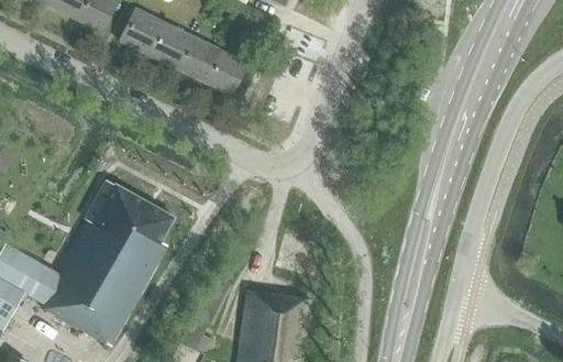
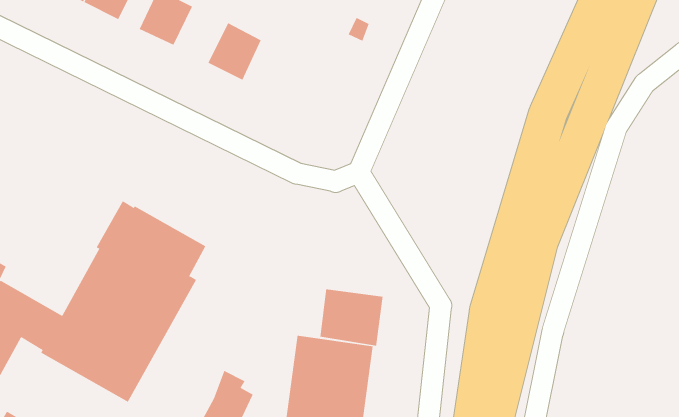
building: [146,21,190,67] -> none
building: [202,48,246,95] -> none
building: none -> [320,288,383,346]

